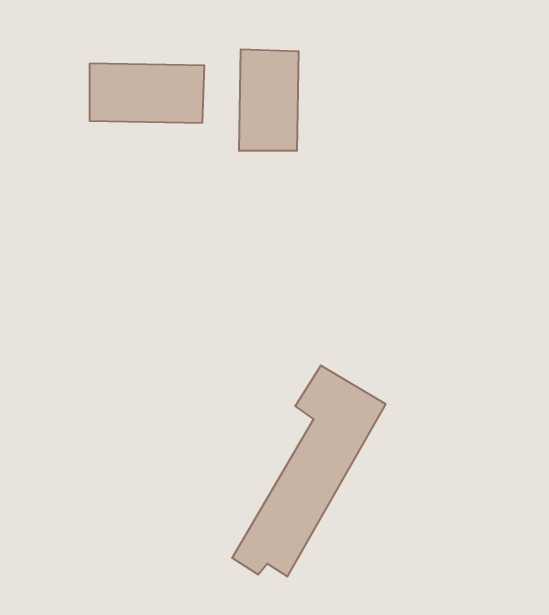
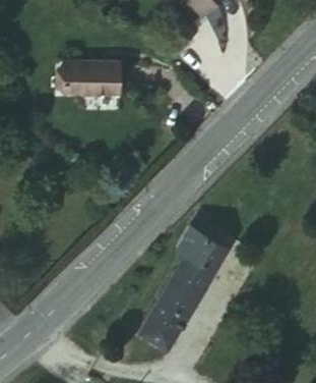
building: [239,49,298,151] -> none

